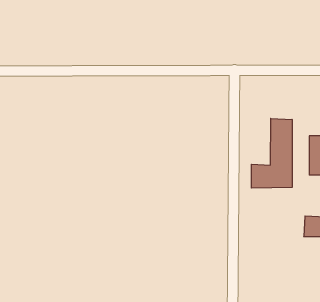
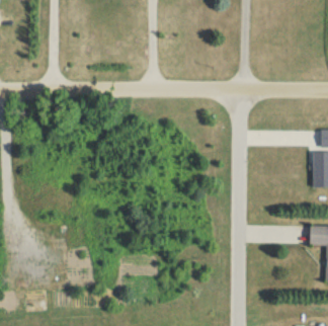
building: [251,118,292,188] -> none

